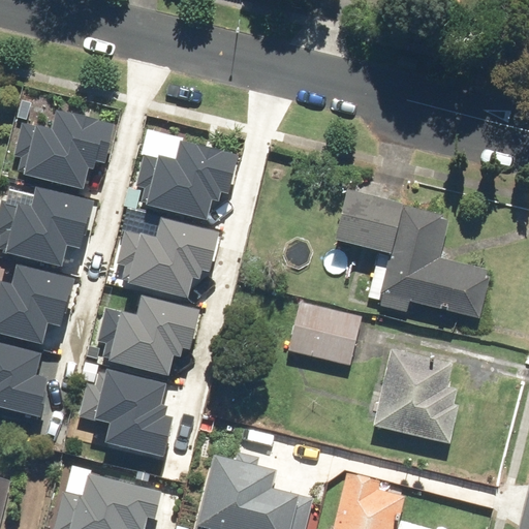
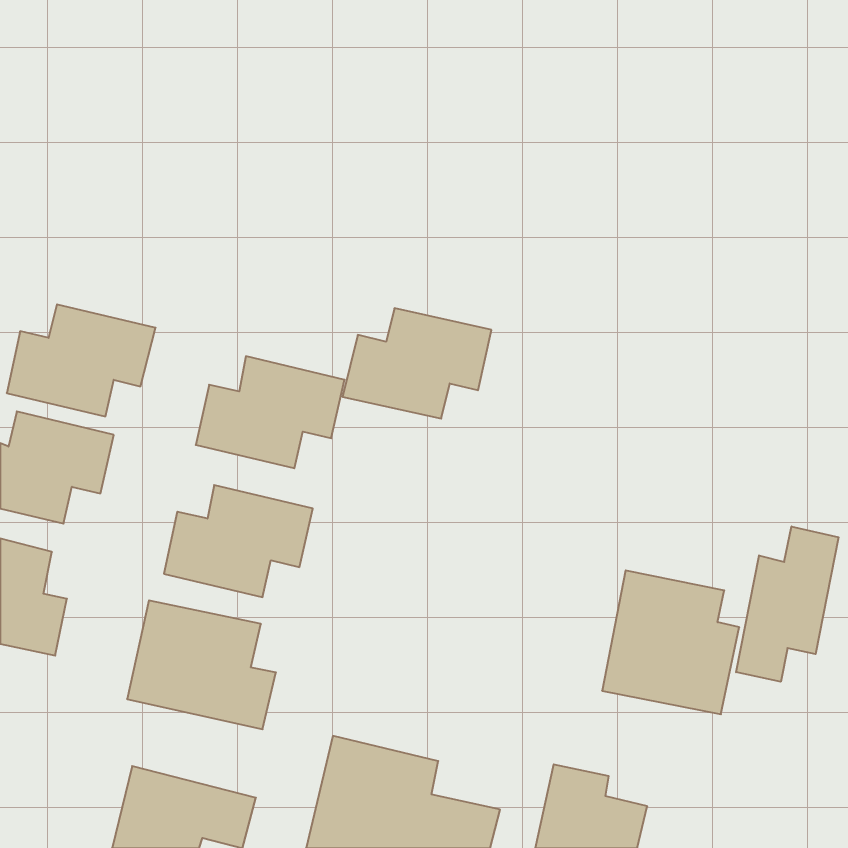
building: [22,112,115,181] -> none
building: [147,143,239,211] -> [343,308,491,419]
building: [332,193,486,319] -> none
building: [289,304,365,366] -> none
building: none -> [736,526,839,682]

